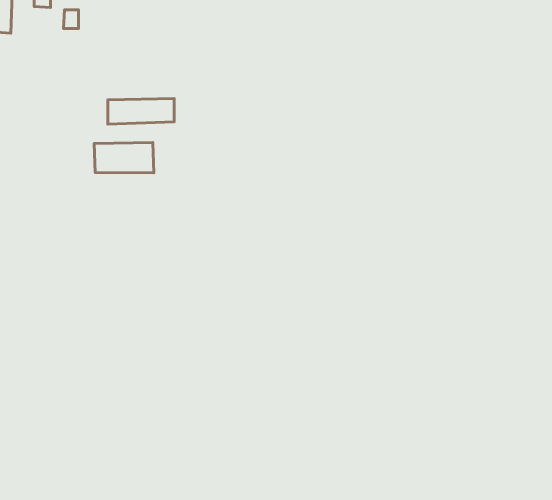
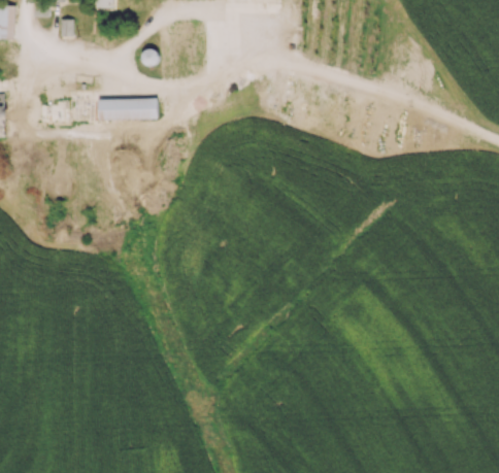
building: [94,143,154,173] -> none

